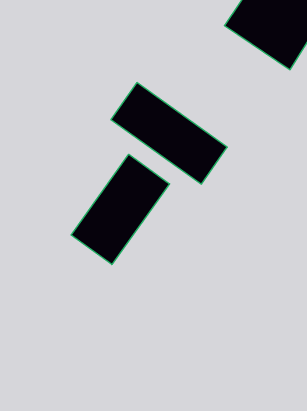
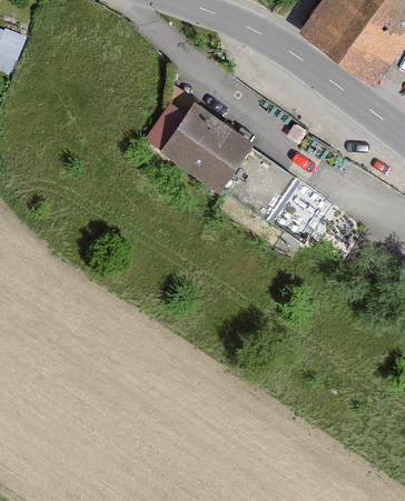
building: [71,154,170,265] -> none

